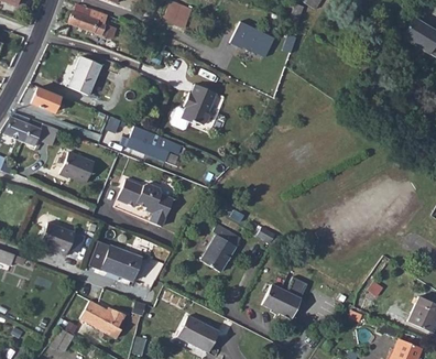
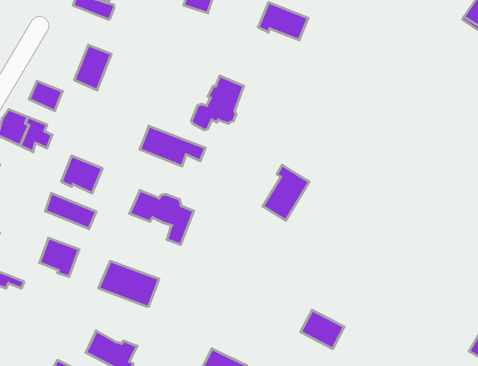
building: none -> [45,193,96,229]
building: [199,225,239,272] -> [263,165,309,220]

